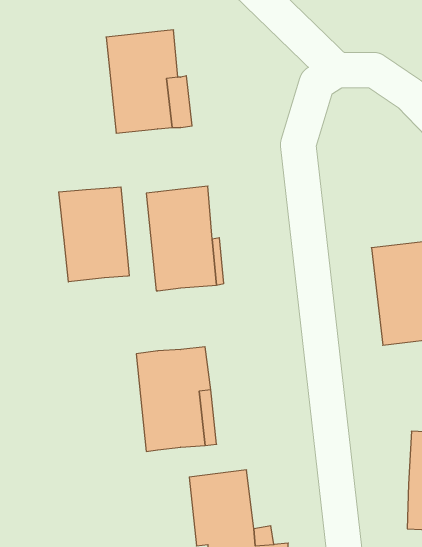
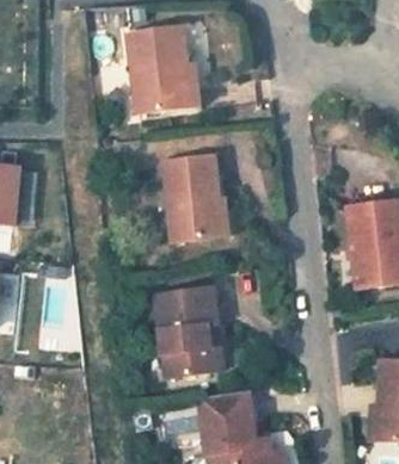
building: [59,187,129,282] -> none

